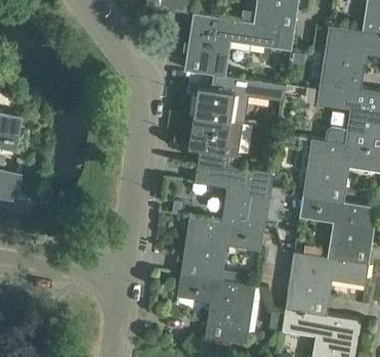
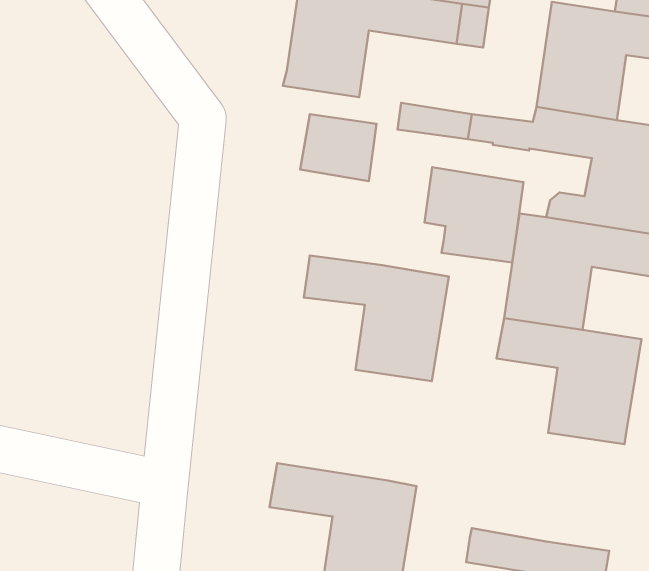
building: [188,117,242,168] -> [424,167,524,262]
building: [180,219,263,283] -> none
building: [285,253,367,316] -> none

